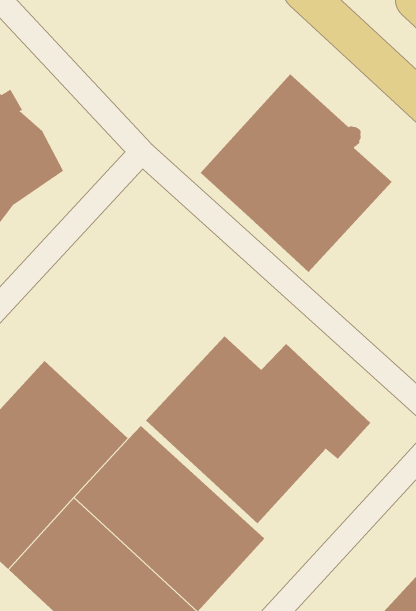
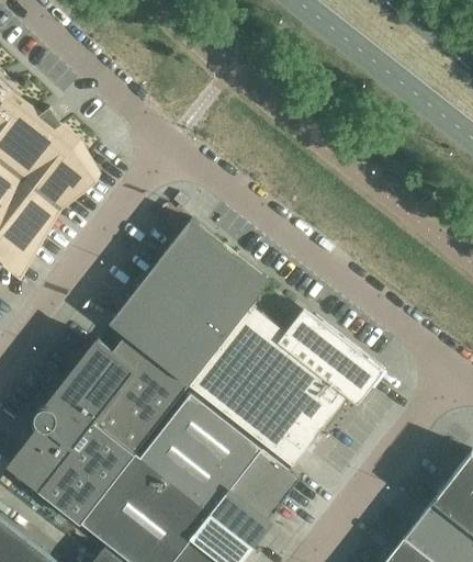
building: [200,73,393,273] -> none
building: none -> [106,221,267,386]

